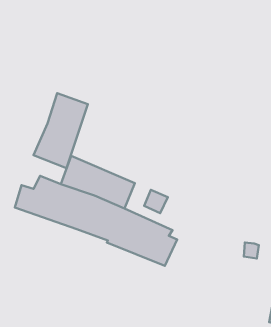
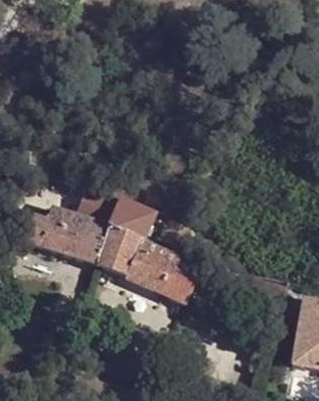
building: [34,93,88,168] -> none

